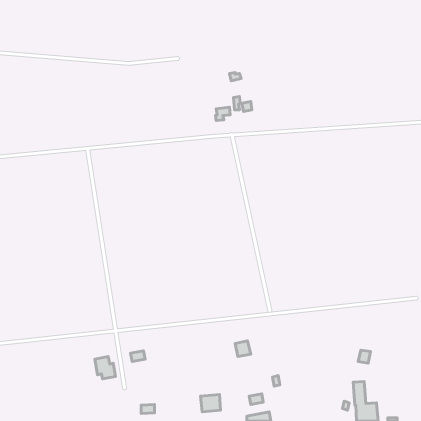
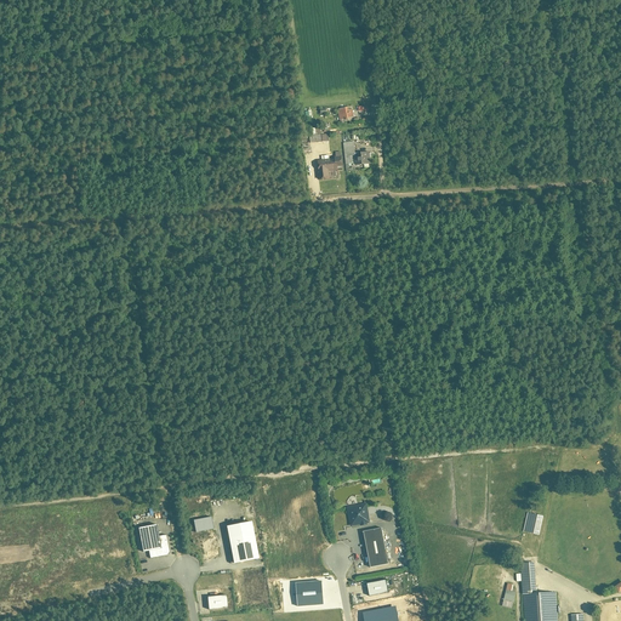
building: none -> [224,520,260,562]
building: none -> [363,529,387,565]

